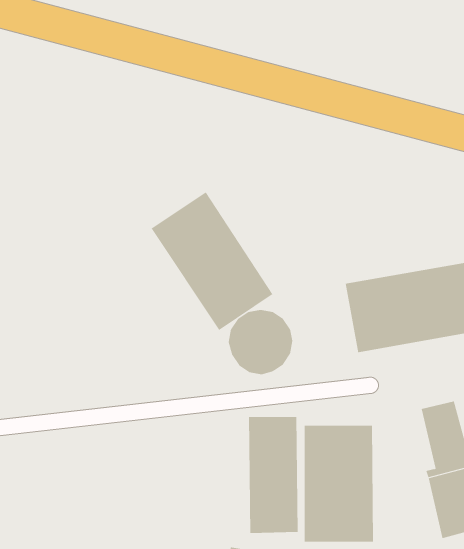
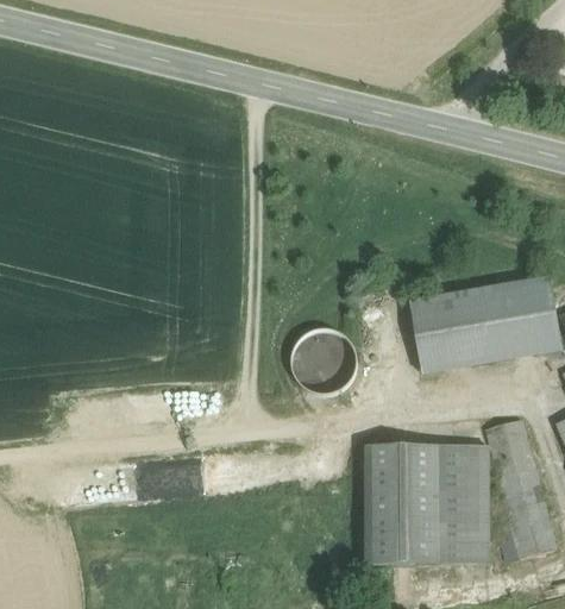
building: [151,192,273,331] -> none
building: [248,416,298,533] -> [437,445,488,564]

